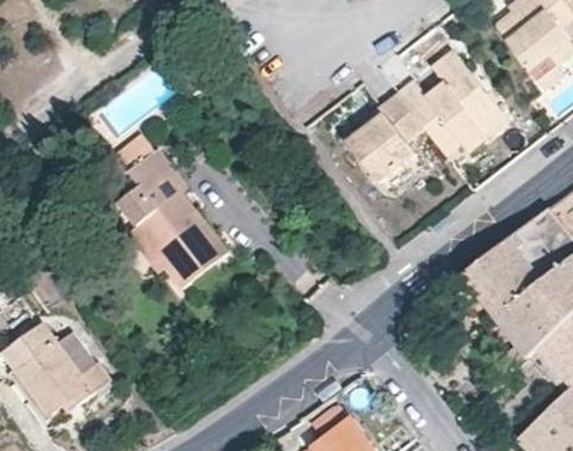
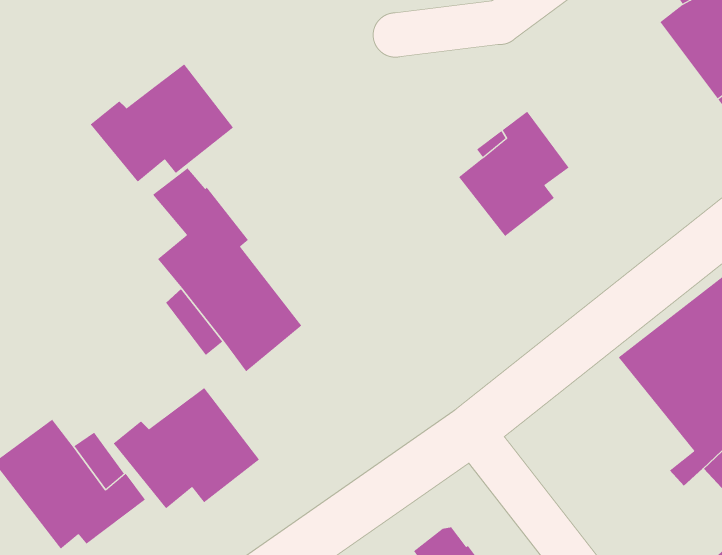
building: [396,52,508,158] -> none
building: none -> [90,64,234,183]
building: none -> [113,387,260,509]

